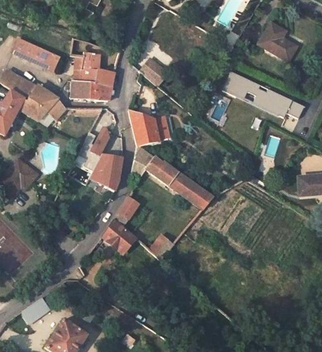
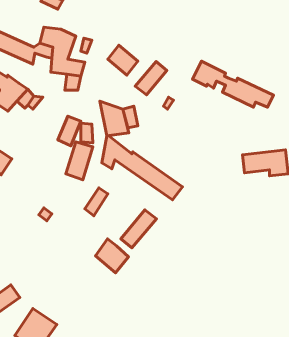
building: [259,22,298,61] -> none
building: none -> [135,61,167,95]
building: [73,81,98,101] -> none
building: [104,220,137,254] -> [96,239,129,273]

